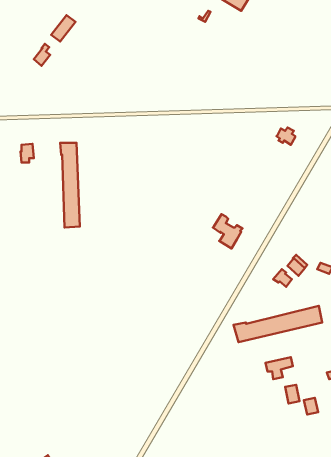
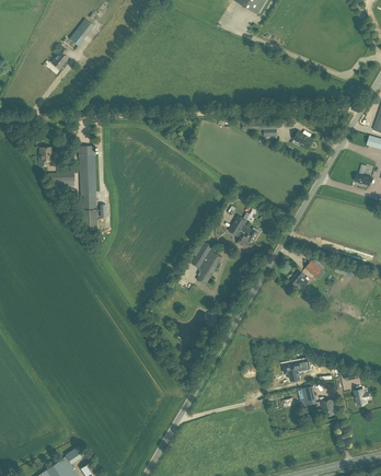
building: none -> [190,241,220,285]
building: [234,306,322,342] -> none

